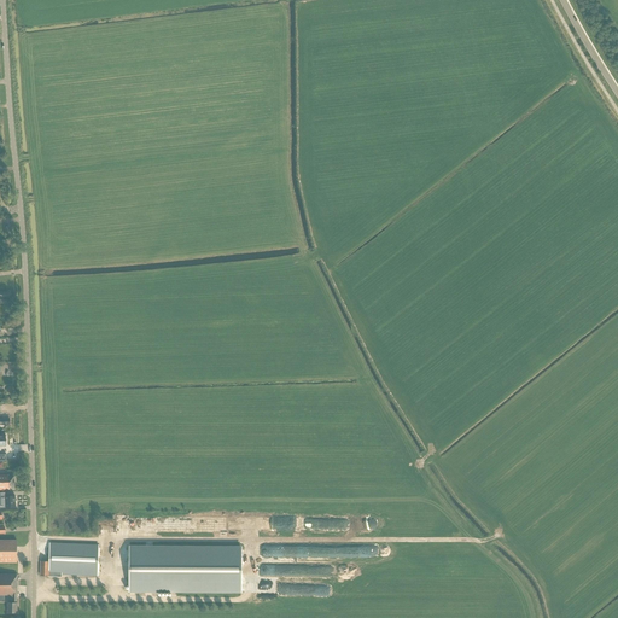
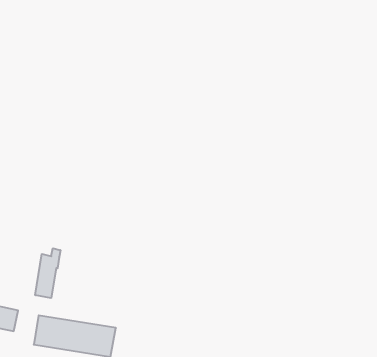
building: none -> [35,248,60,298]

